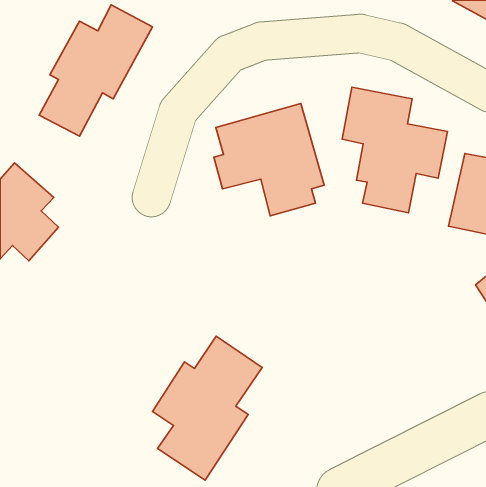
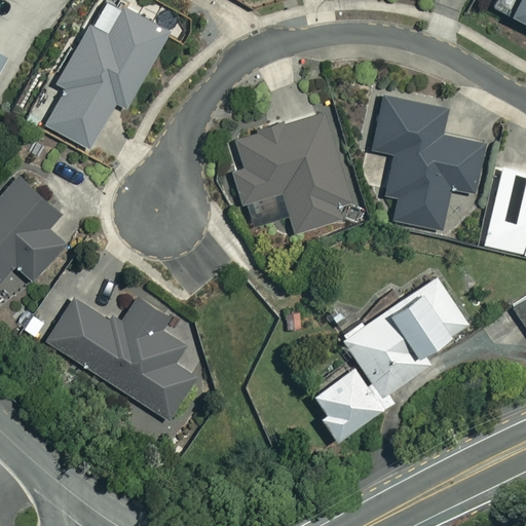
building: none -> [307,276,468,441]
building: none -> [48,298,197,421]
building: [153,336,262,480] -> none

